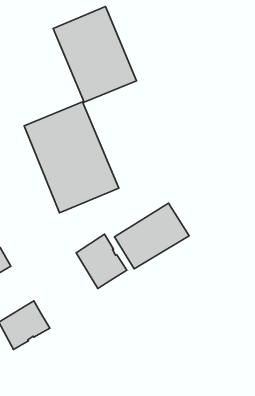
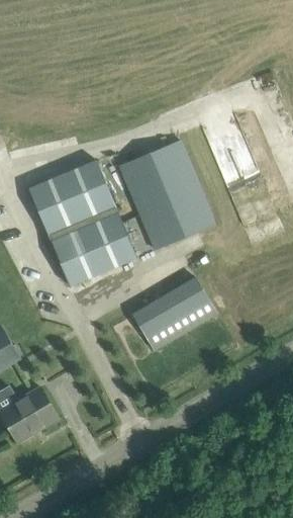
building: [53,6,136,102] -> [119,141,214,250]
building: [76,234,127,288] -> none

